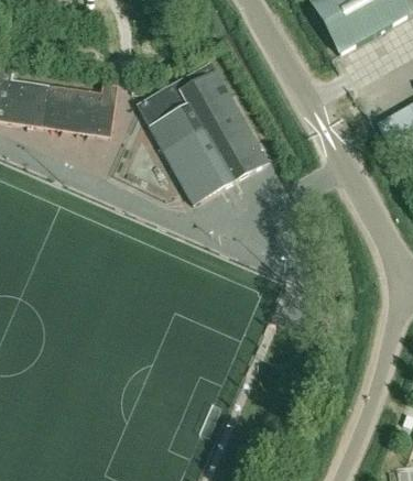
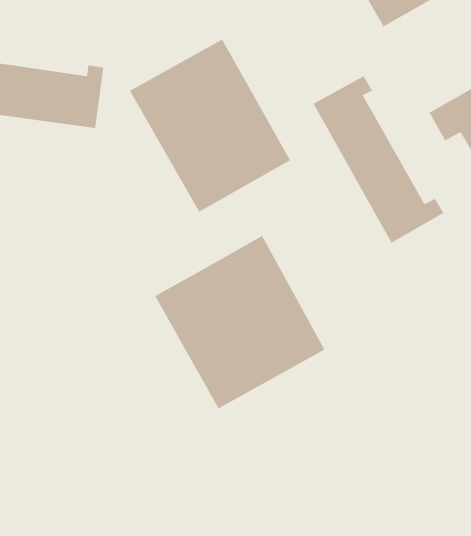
building: none -> [312,75,444,244]
building: none -> [154,235,325,409]

